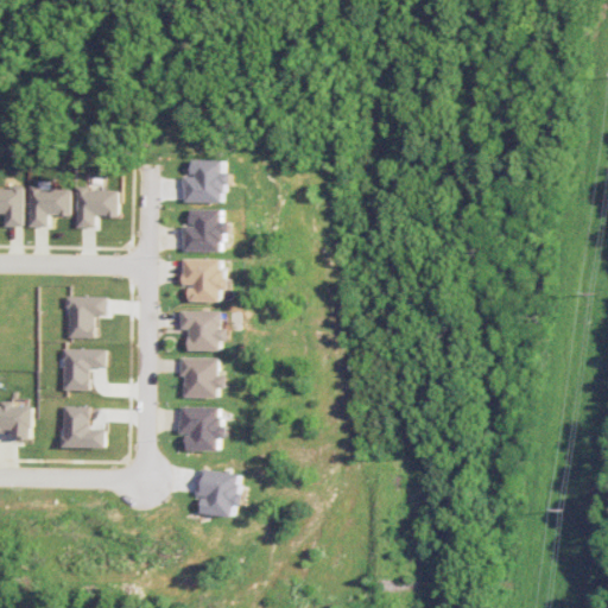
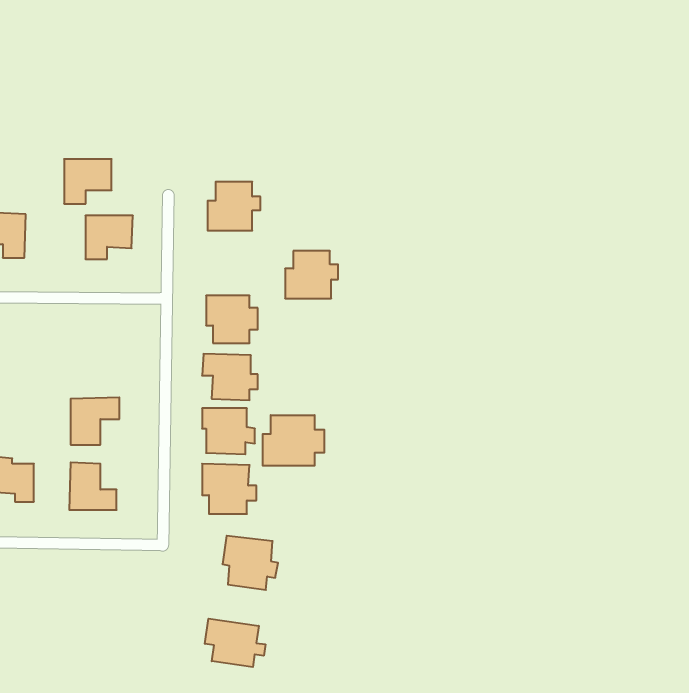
building: [27,188,69,227] -> [64,159,112,204]
building: [180,209,227,251] -> [285,251,338,298]
building: [66,296,104,337] -> none
building: none -> [263,415,324,466]
building: none -> [205,619,265,667]

